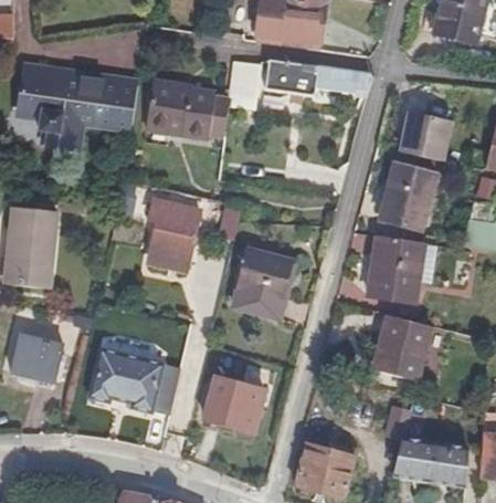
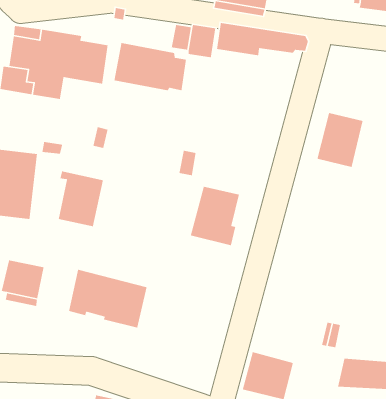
building: [399,109,452,160] -> none
building: [147,205,201,271] -> [58,170,104,227]
building: [369,234,442,302] -> none
building: [368,312,431,378] -> none
building: [205,375,266,428] -> none

